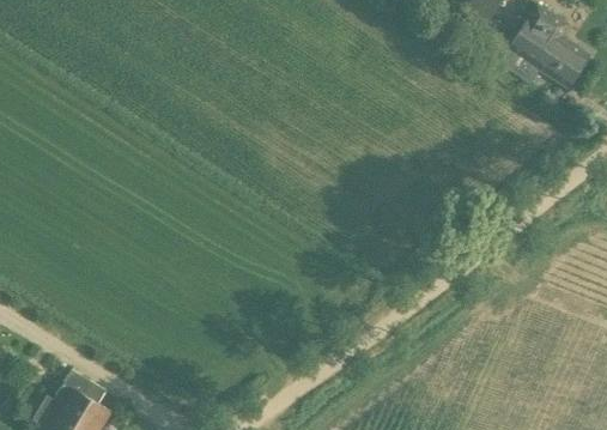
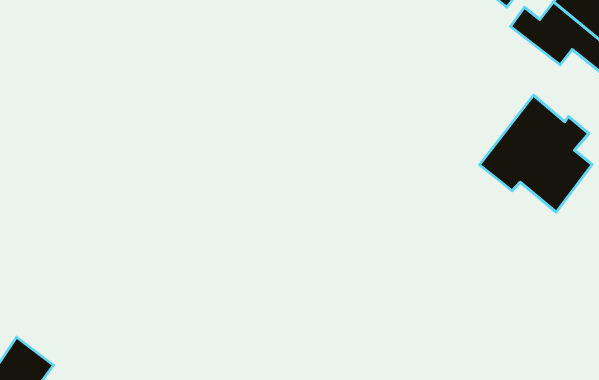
building: none -> [480,95,592,212]

